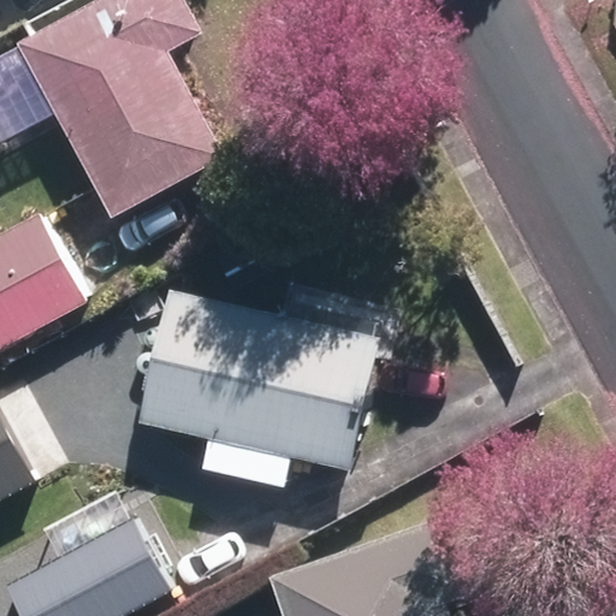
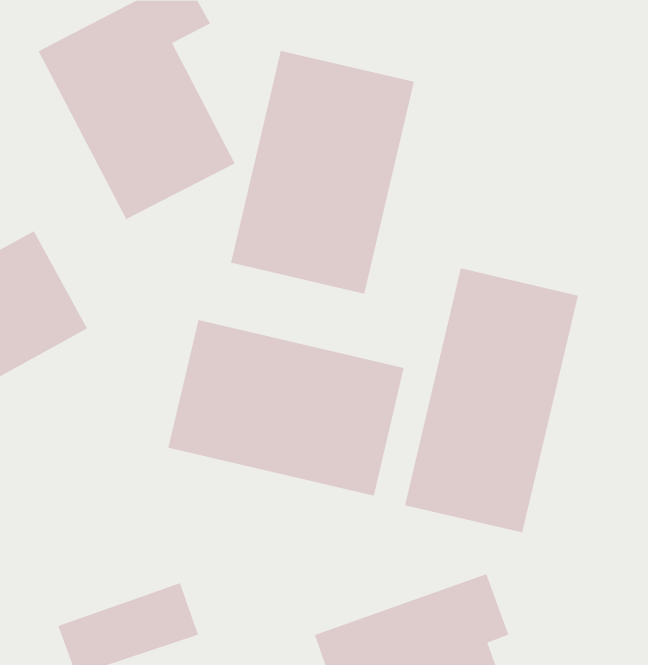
building: none -> [231,50,414,294]
building: none -> [405,268,578,533]

